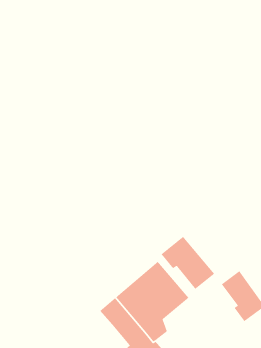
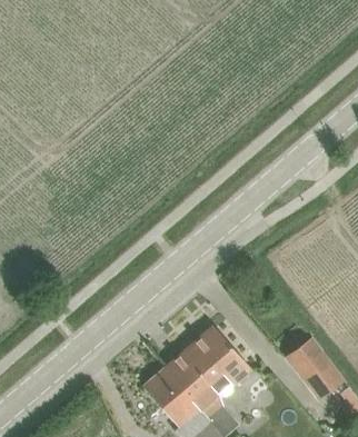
building: [160,236,215,290] -> none

